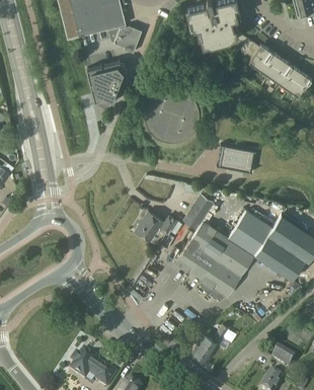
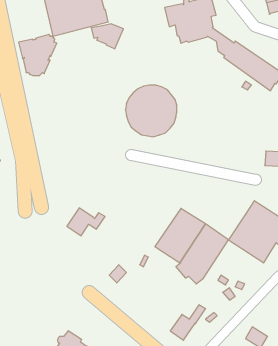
building: [86,61,127,104] -> [19,34,57,76]
building: [216,145,255,173] -> none
building: [182,193,214,229] -> none
building: [135,212,175,241] -> [67,208,105,236]
building: [229,212,271,255] -> none

